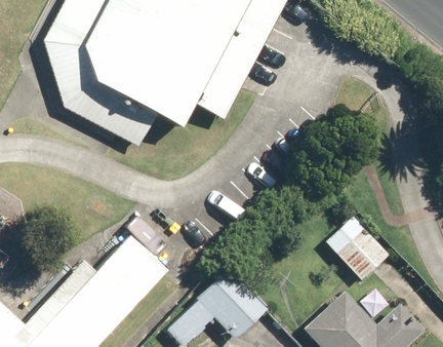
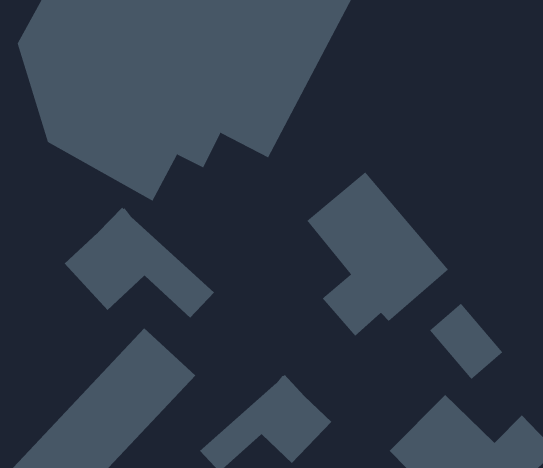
building: none -> [306,171,449,336]
building: none -> [64,207,215,318]

